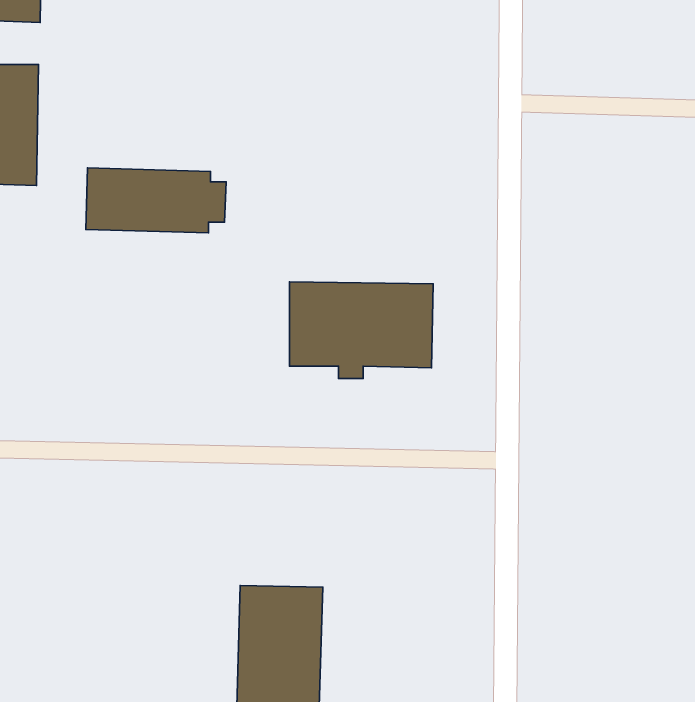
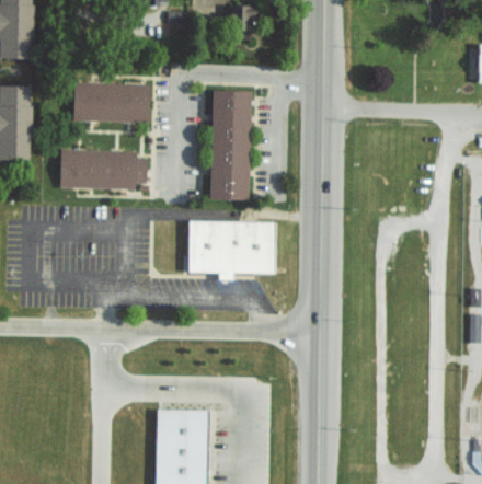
building: none -> [74,82,151,123]
building: none -> [209,90,251,200]

